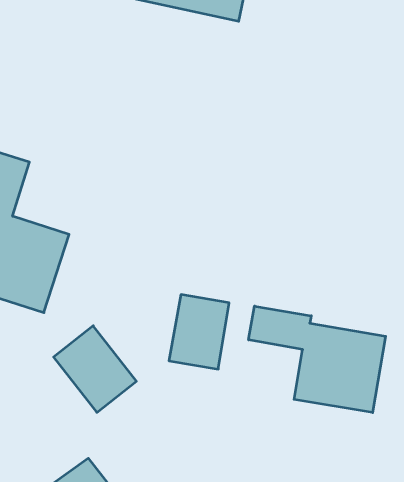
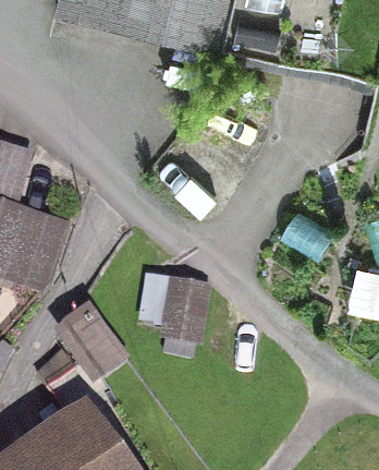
building: [249,306,386,413] -> none

